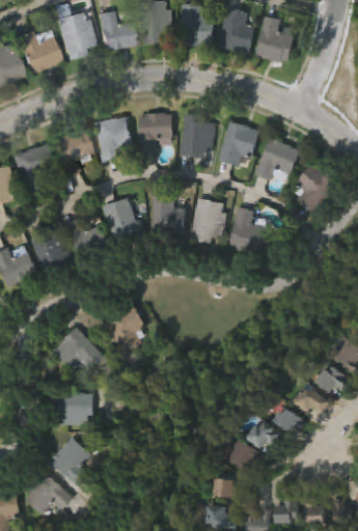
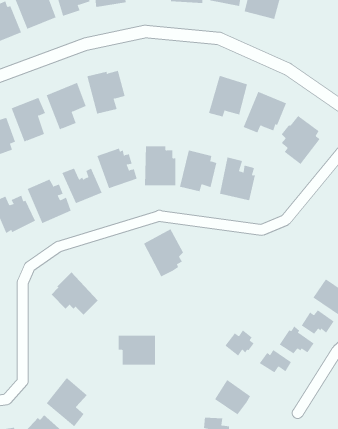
building: [139,113,172,152] -> none
building: [180,114,216,161] -> none
building: [104,301,146,352] -> [143,228,184,277]
building: [53,393,92,424] -> [118,335,156,365]
building: [249,421,280,449] -> [225,329,255,356]

